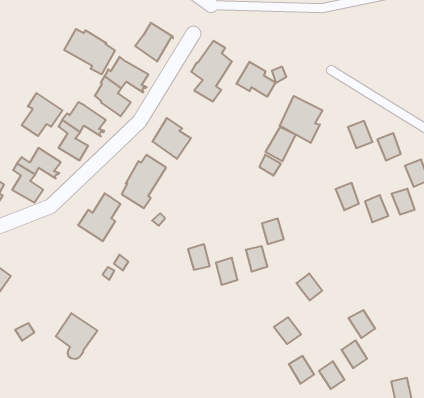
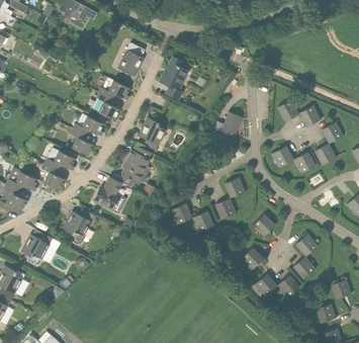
building: [64,29,115,74] -> none
building: [236,62,275,97] -> none
building: [22,93,62,136] -> none
building: [280,96,322,143] -> none
building: [56,313,97,359] -> [64,210,93,243]

